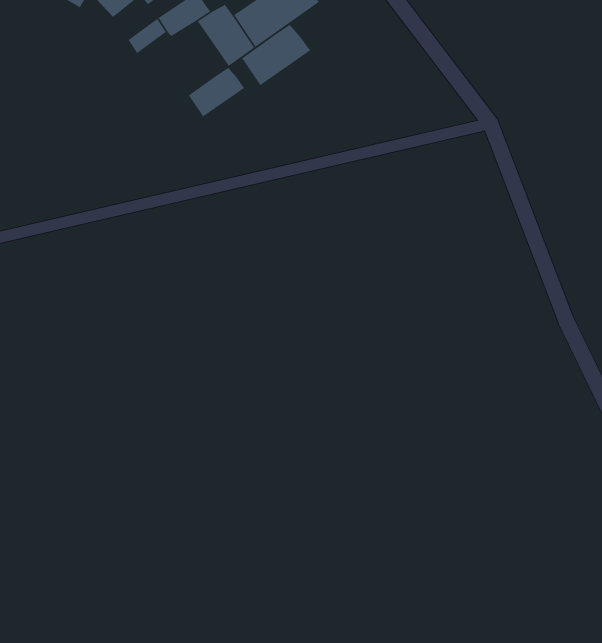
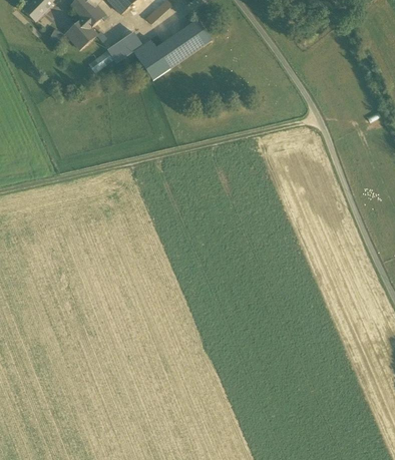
building: [241,24,311,86] -> none
building: [188,67,245,117] -> none

